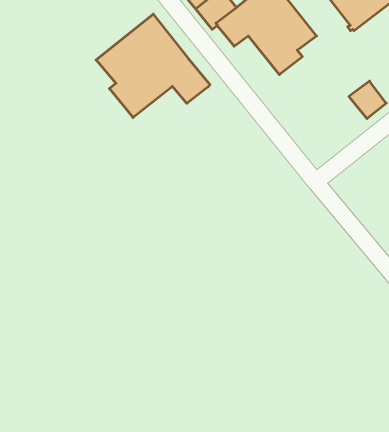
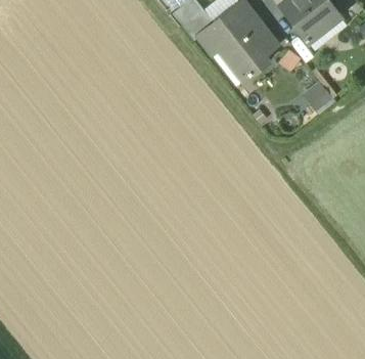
building: [96,14,210,118] -> none

